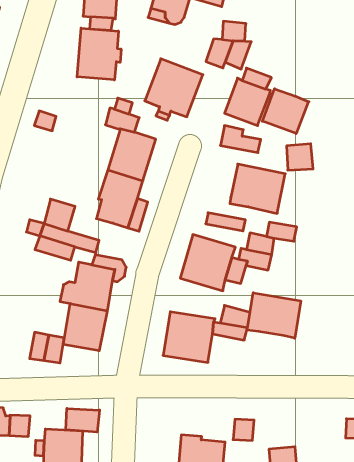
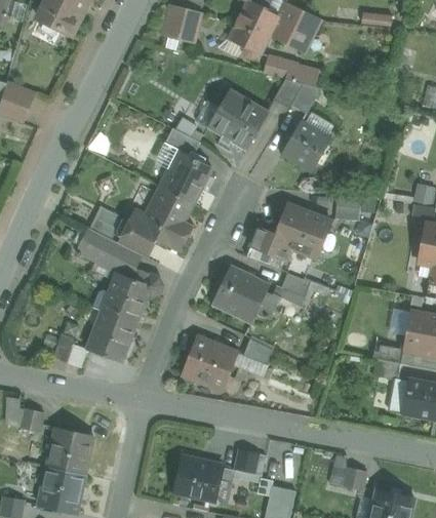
building: none -> [264,55,296,80]
building: [77,28,121,80] -> none
building: [262,89,309,134] -> none
building: [220,126,261,153] -> [249,227,289,258]
building: none -> [117,207,156,257]
building: [247,293,301,338] -> none
building: [66,408,100,432] -> none

